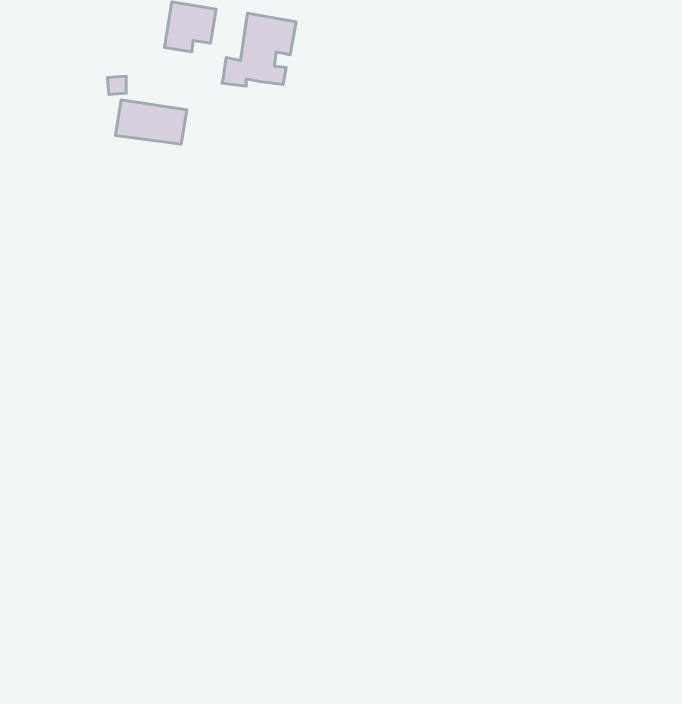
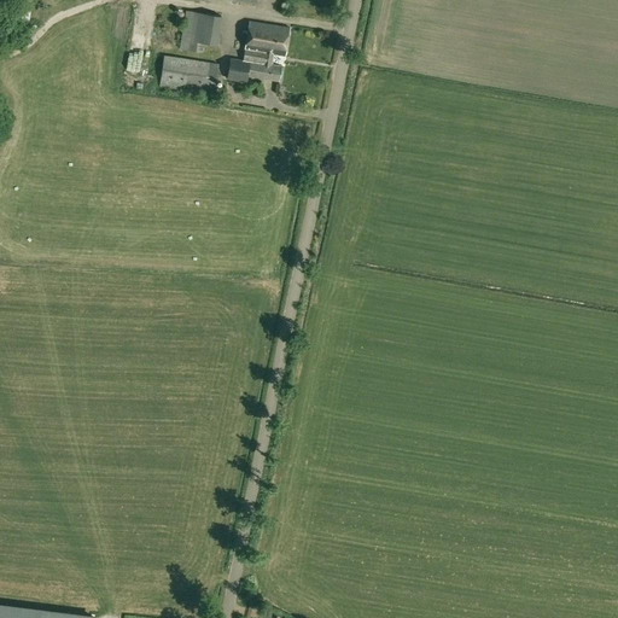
building: [115,100,187,144] -> [159,56,220,93]

